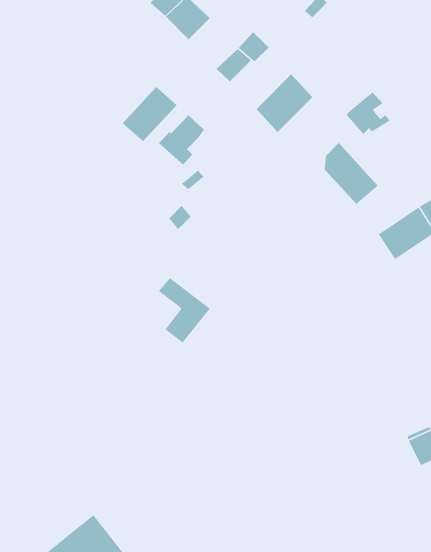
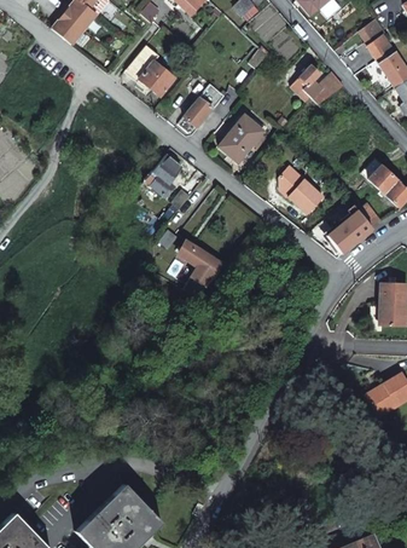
building: [122,86,177,142] -> none
building: [346,92,391,135] -> [291,67,327,102]
building: [158,277,211,344] -> [178,242,221,294]

